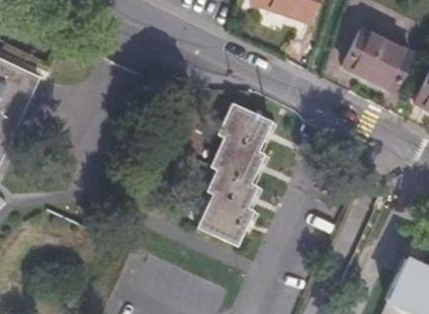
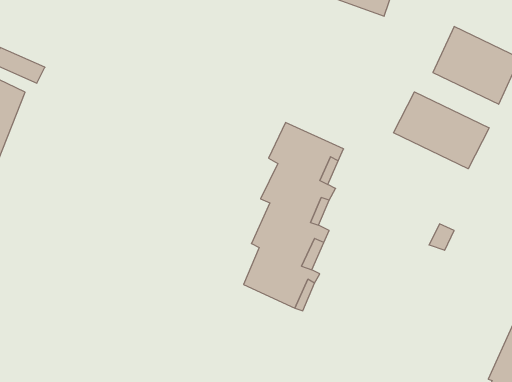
building: none -> [394,92,489,169]

